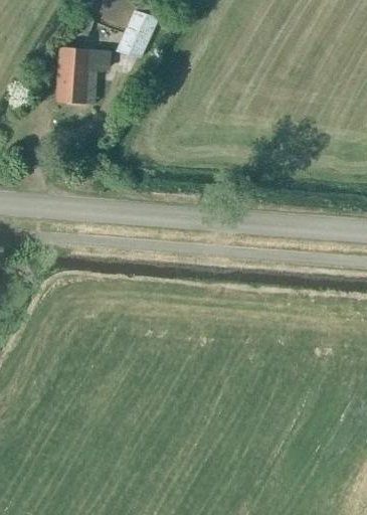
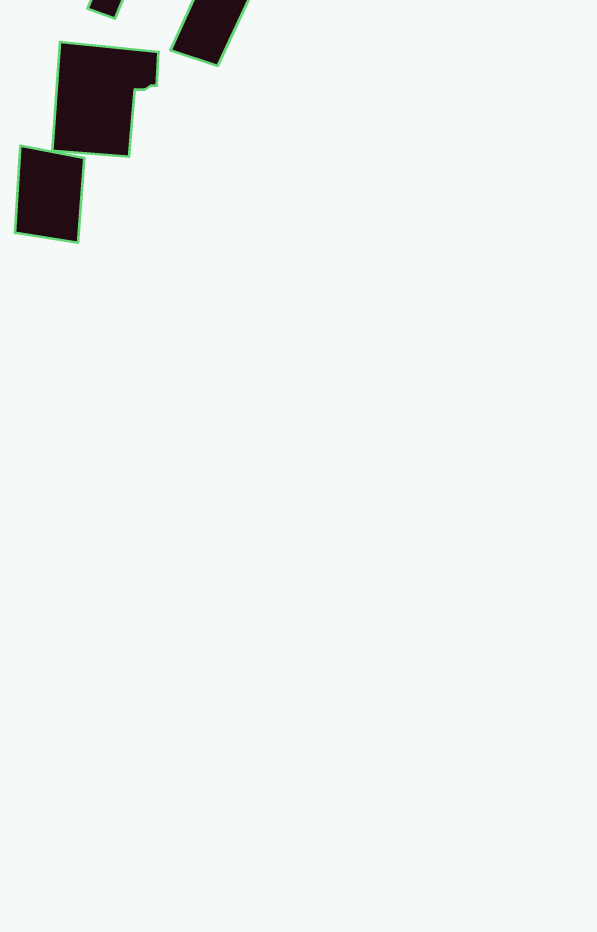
building: none -> [15,146,84,243]

